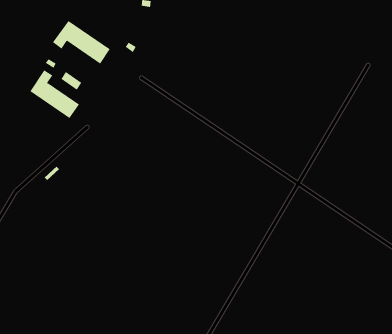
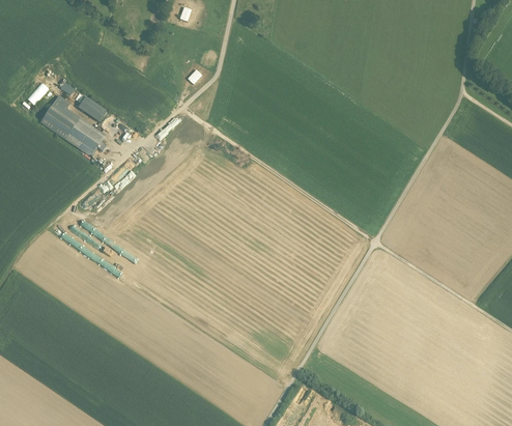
building: [52,20,110,64] -> none

